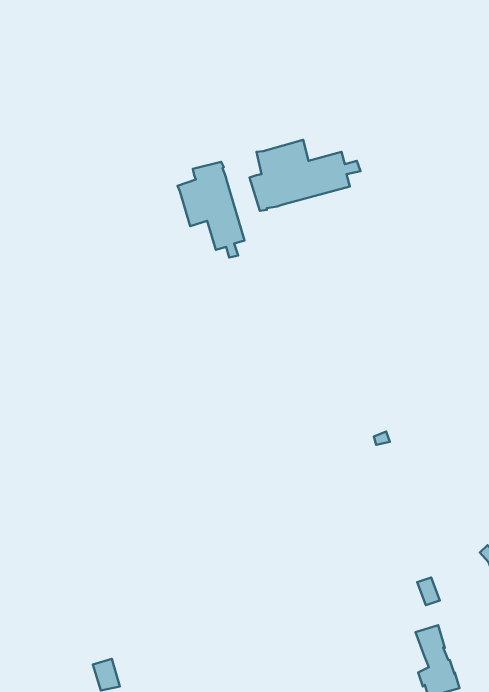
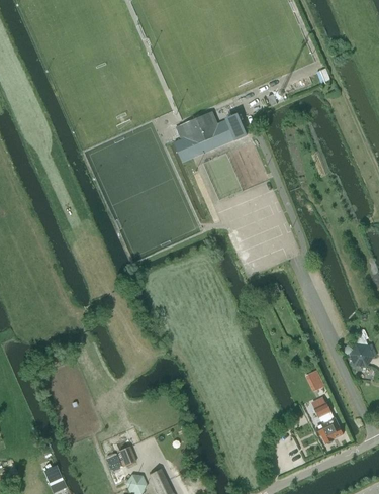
building: [177,162,244,257] -> none

